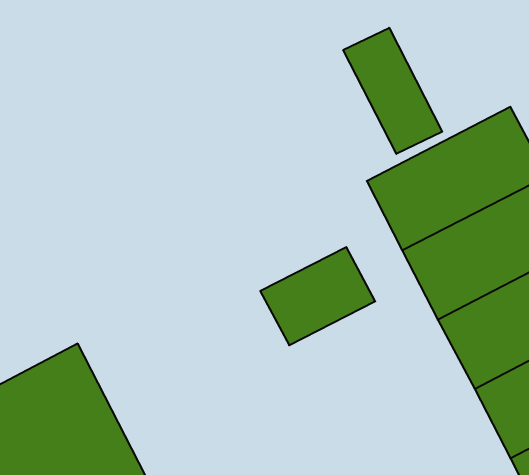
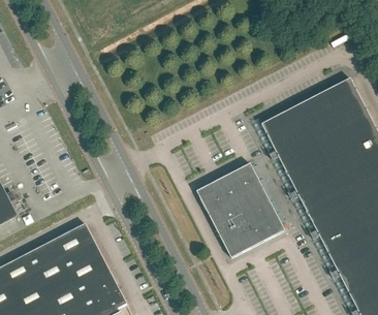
building: [343,28,442,154] -> none
building: none -> [215,195,285,255]

